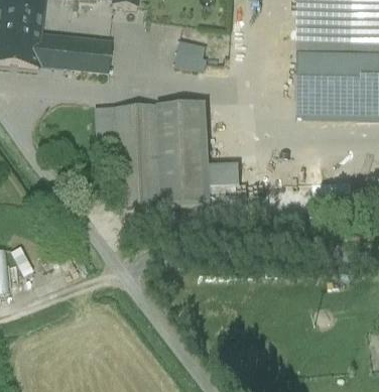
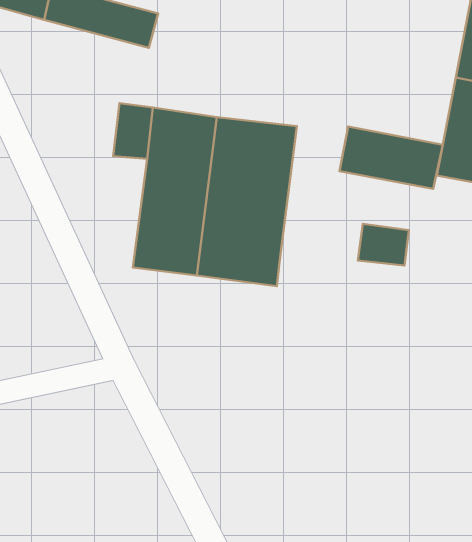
building: [172,40,203,70] -> none
building: none -> [340,126,443,189]
building: [208,163,238,187] -> [358,224,409,265]

